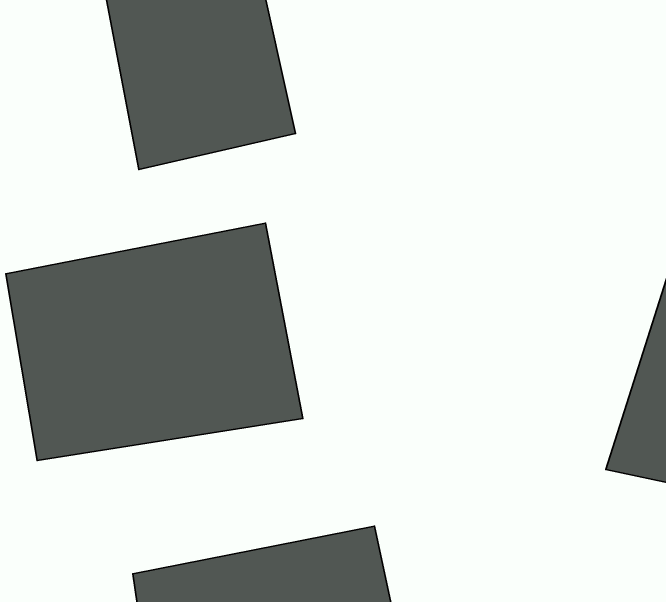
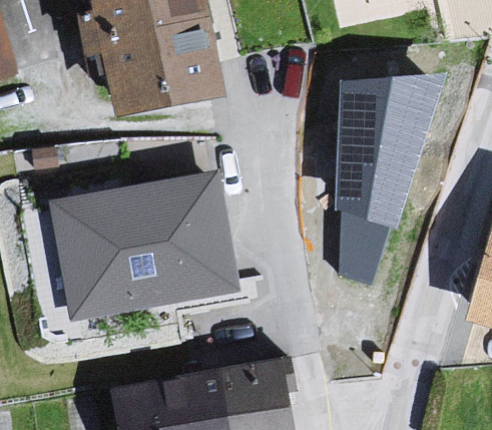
building: none -> [335,64,442,278]

